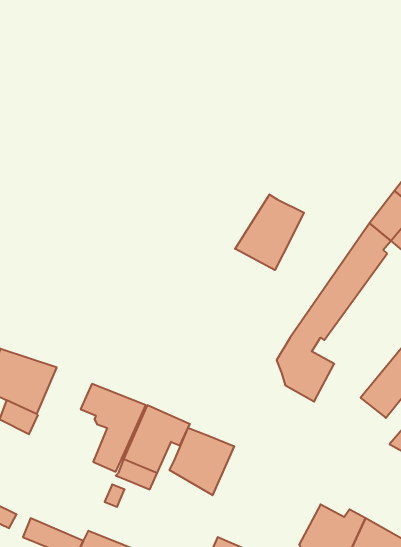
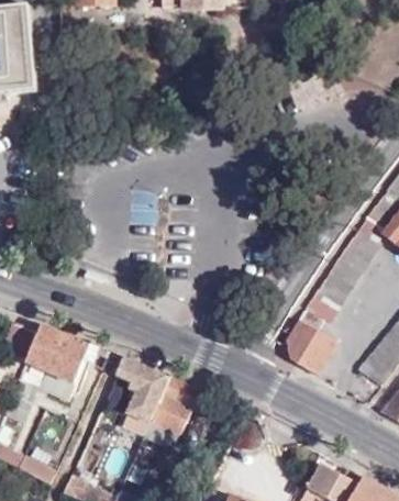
building: [235,194,304,270] -> none
building: [170,428,234,495] -> none

